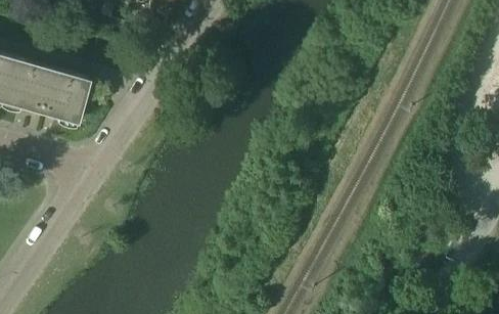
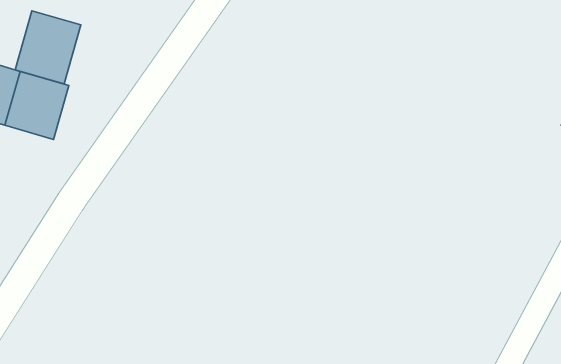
building: none -> [15,11,81,84]

